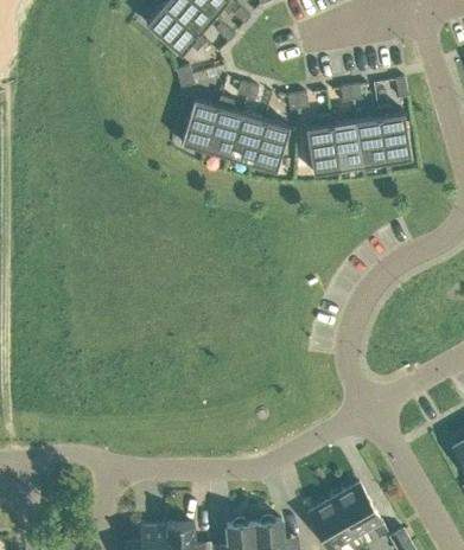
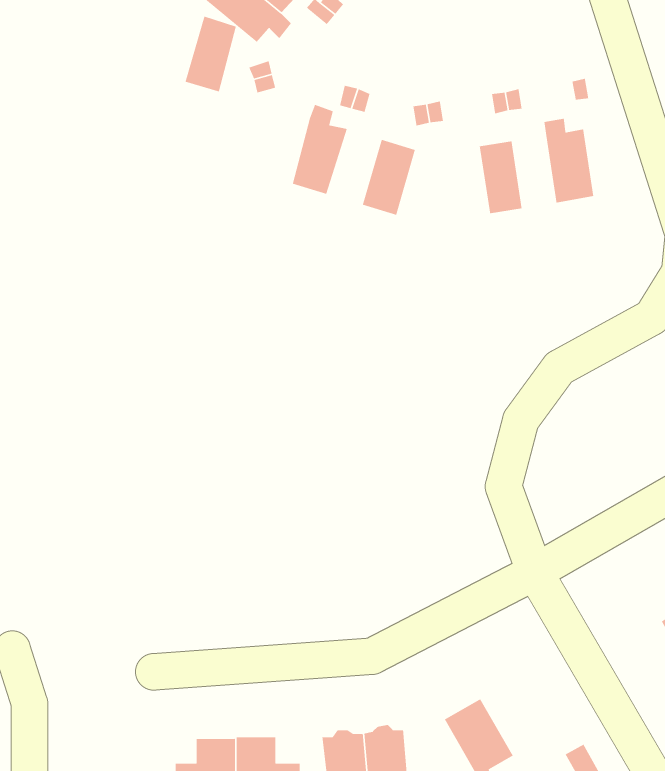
building: [182,98,217,151] -> [184,16,237,93]
building: [229,113,266,165] -> none
building: [306,115,339,174] -> none
building: [355,117,384,167] -> none
building: [333,484,388,538] -> none

